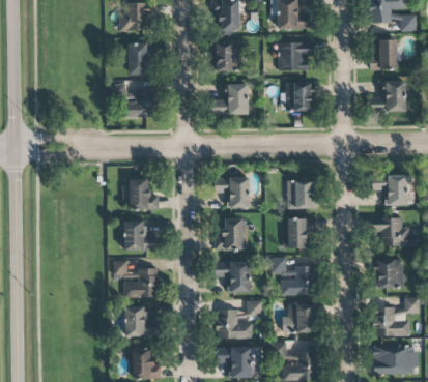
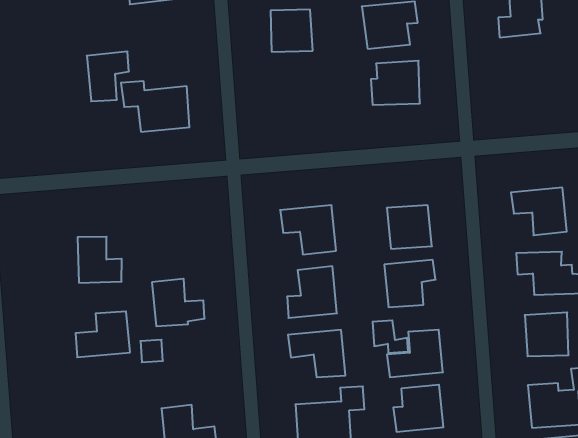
building: [129,42,156,75] -> [87,52,129,101]
building: [370,80,406,112] -> none
building: [212,83,249,114] -> none
building: [129,178,159,210] -> [78,237,122,283]
building: [123,268,160,297] -> [76,311,130,357]

